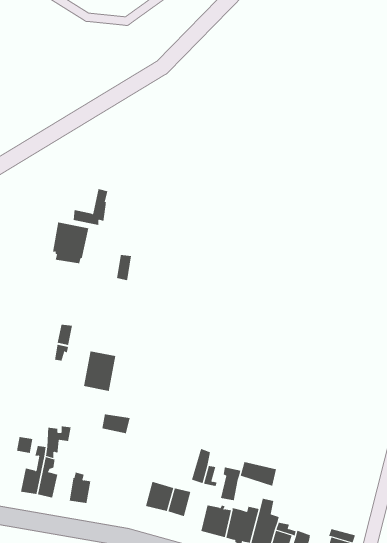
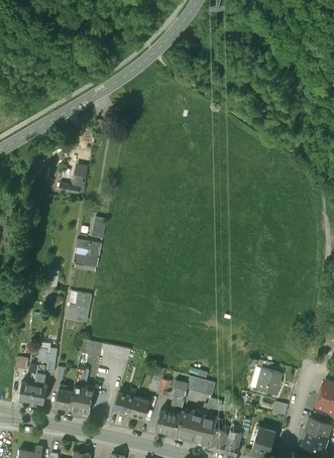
building: [52,222,89,264] -> [74,239,102,271]
building: none -> [70,368,94,413]
building: none -> [256,369,282,393]

